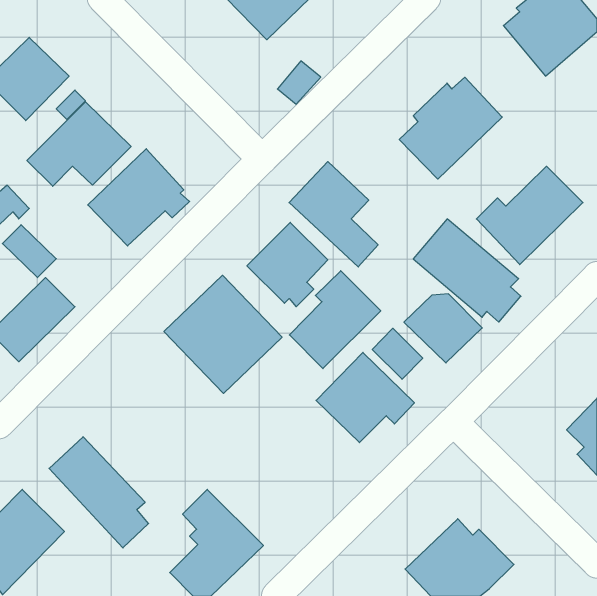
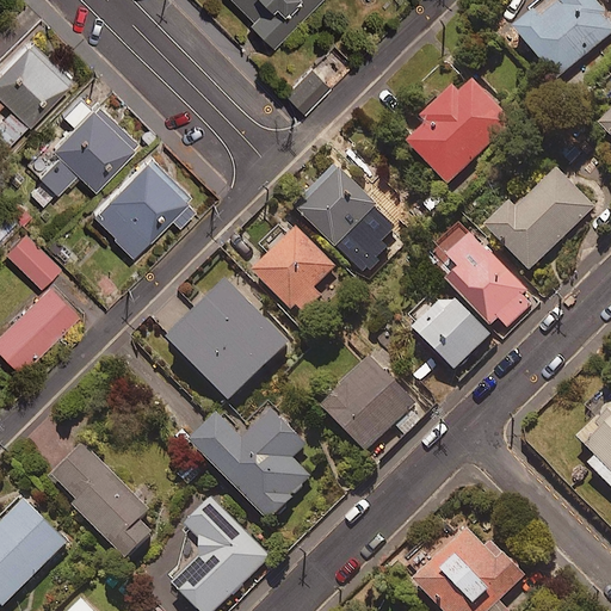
building: [289,271,381,369] -> none
building: [372,328,423,379] -> none
building: none -> [190,409,311,519]

